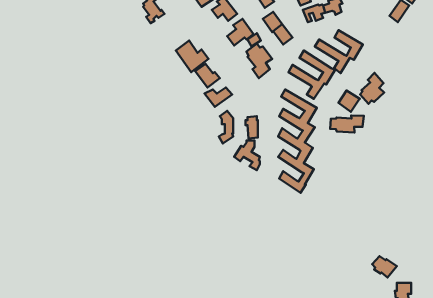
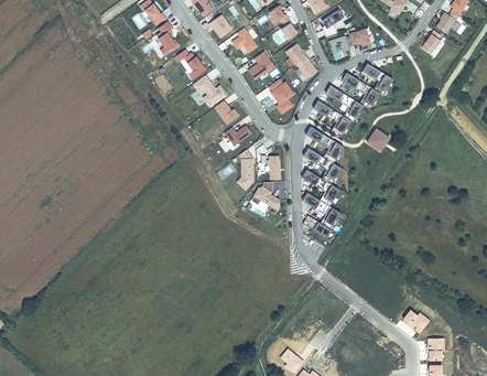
building: none -> [174,49,205,80]
building: [360,73,384,104] -> none
building: [330,116,364,132] -> none

